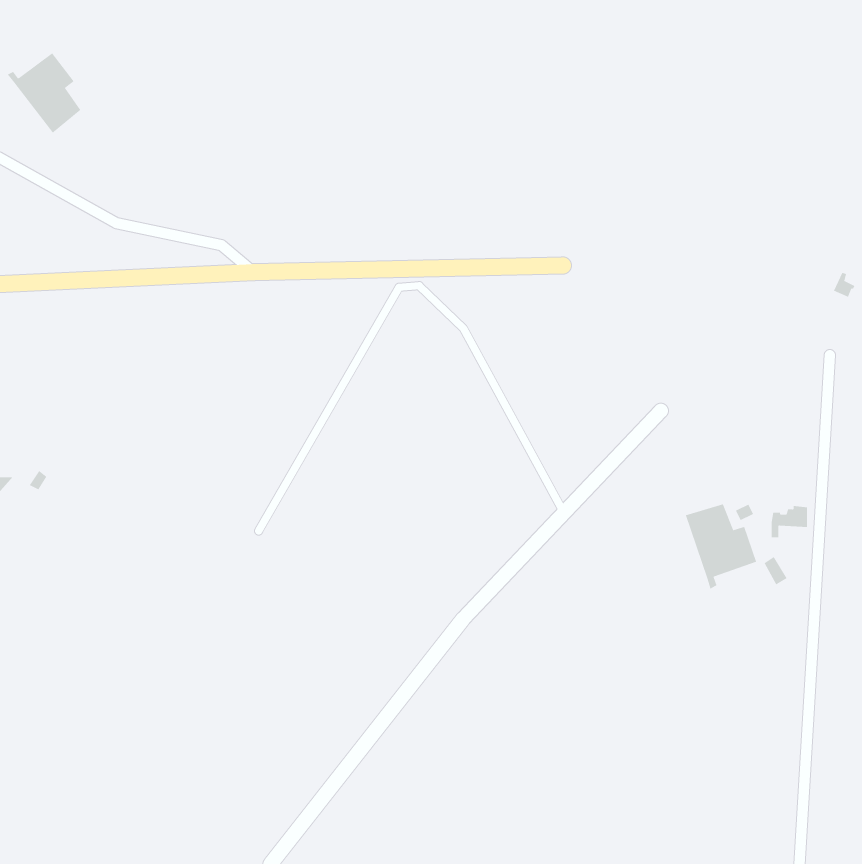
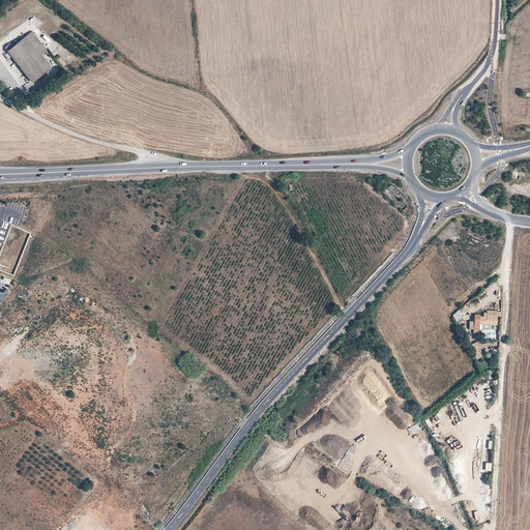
building: [685,503,757,589] -> none

